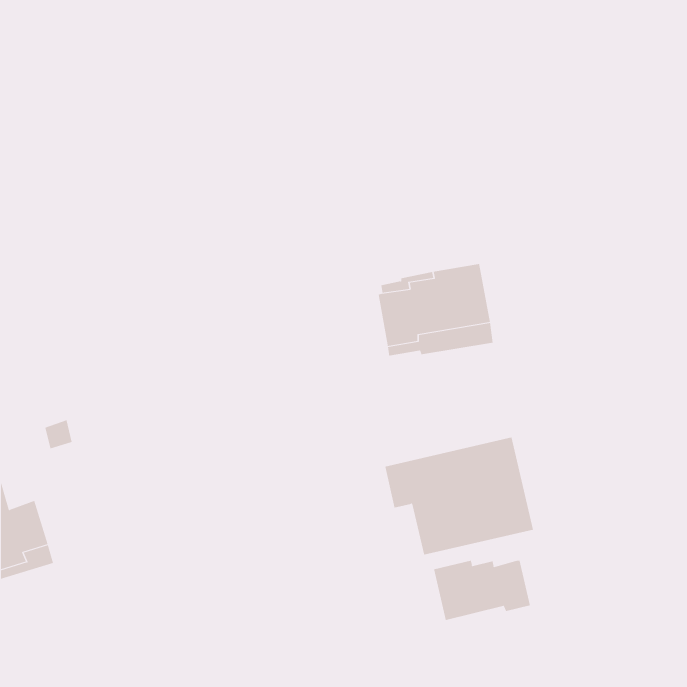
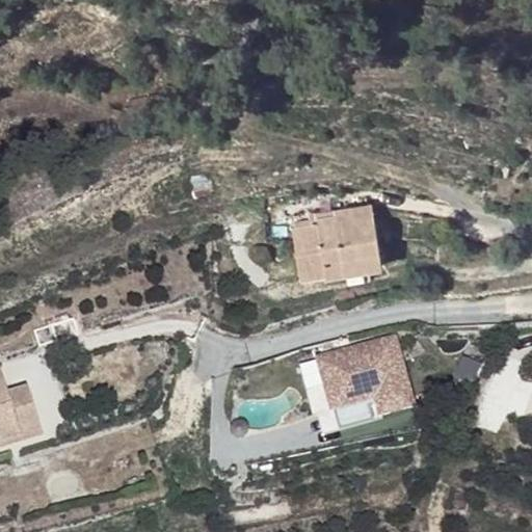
building: [434,560,530,621] -> none

